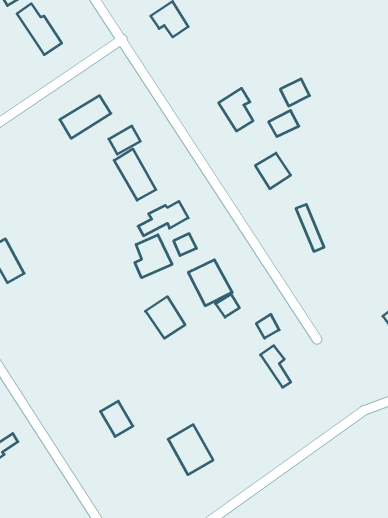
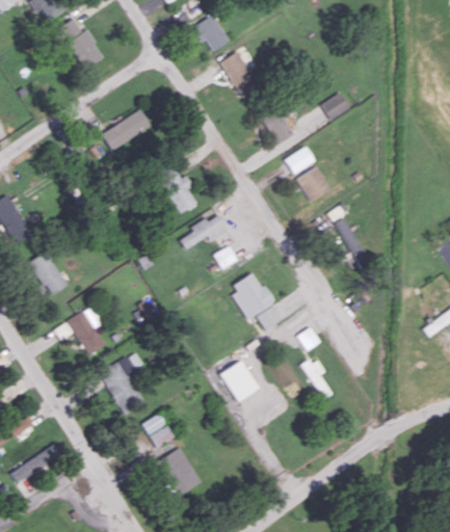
building: none -> [221,51,257,94]
building: [269,110,299,137] -> [284,147,314,172]
building: [109,126,140,154] -> none
building: [135,235,172,278] -> none
building: none -> [67,307,106,355]
building: [145,297,185,338] -> [218,360,258,401]
building: none -> [99,356,144,415]
building: [168,425,213,475] -> [156,447,201,497]

